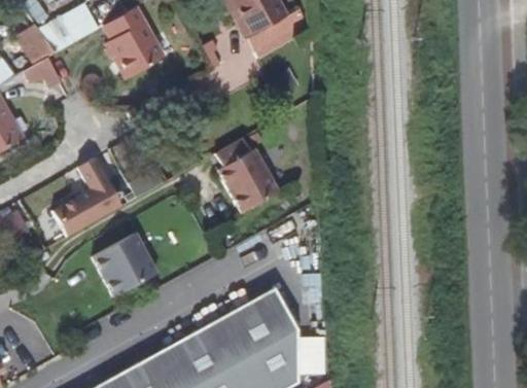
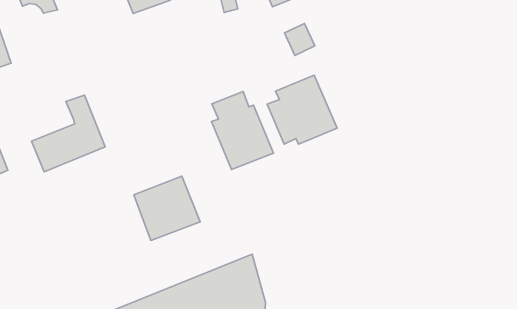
building: none -> [267,75,337,144]
building: [95,232,160,295] -> [134,176,200,240]

